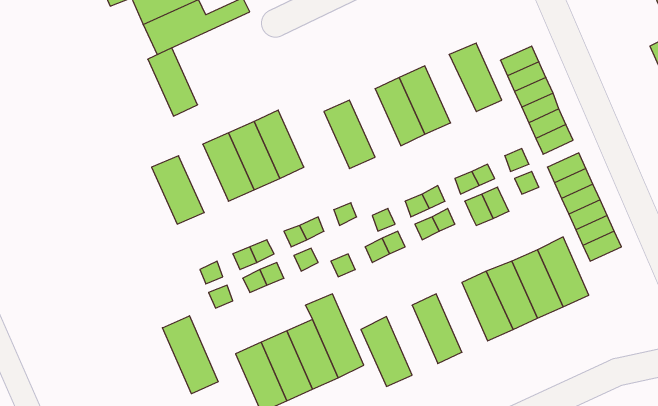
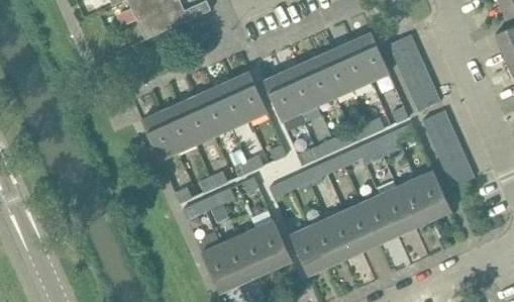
building: [148,48,198,116] -> [161,104,196,153]
building: none -> [335,40,372,89]
building: none -> [282,65,322,123]
building: none -> [231,72,269,120]
building: none -> [343,202,380,251]
building: none -> [308,218,344,268]
building: [162,316,218,394] -> none

